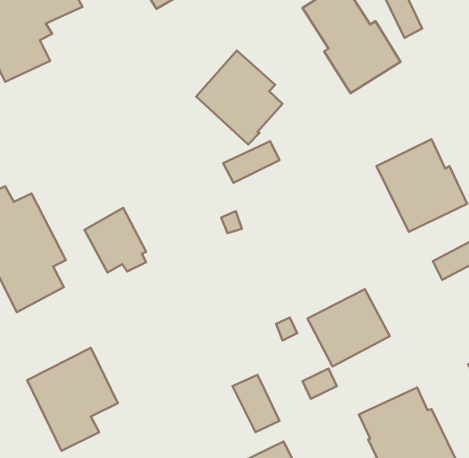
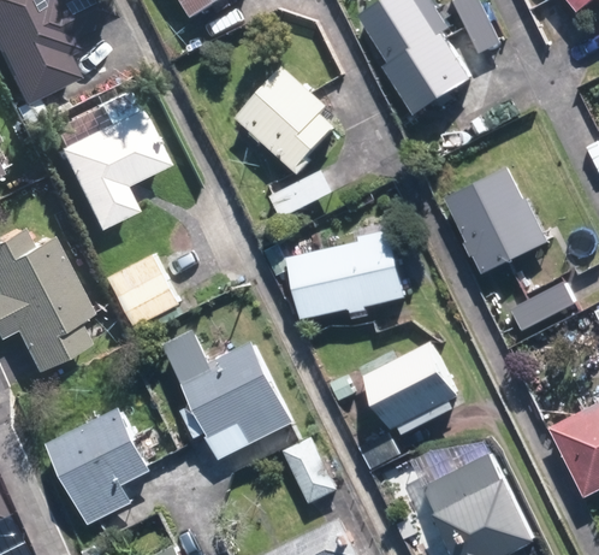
building: none -> [52,102,162,223]
building: none -> [290,229,407,318]
building: none -> [159,332,289,461]

